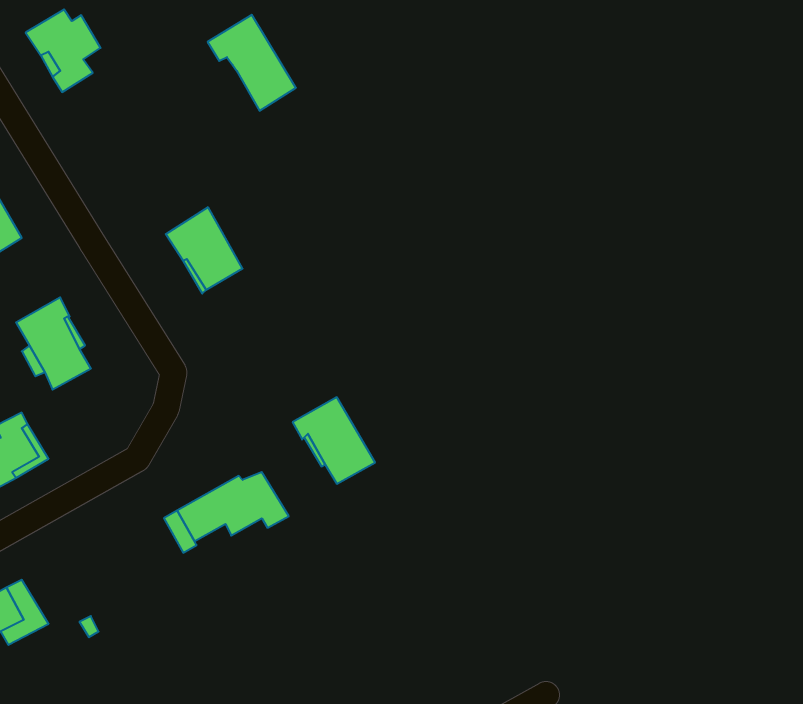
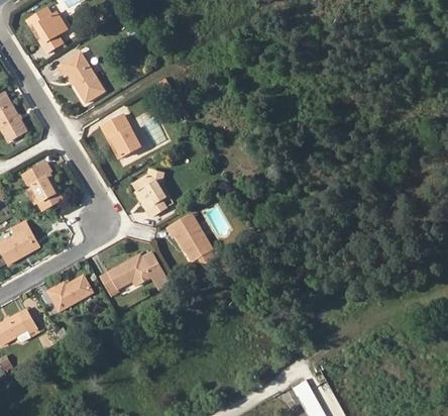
building: [208,15,296,111] -> [58,51,104,102]
building: none -> [134,170,166,215]
building: none -> [46,276,92,311]

